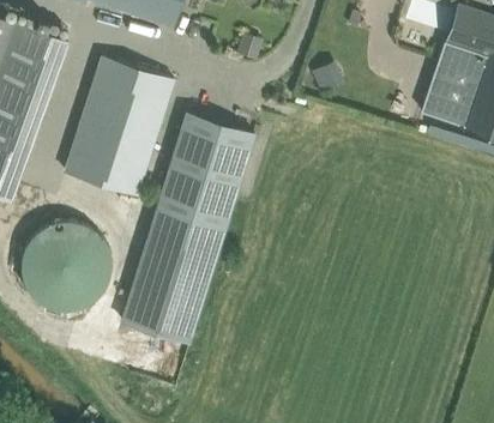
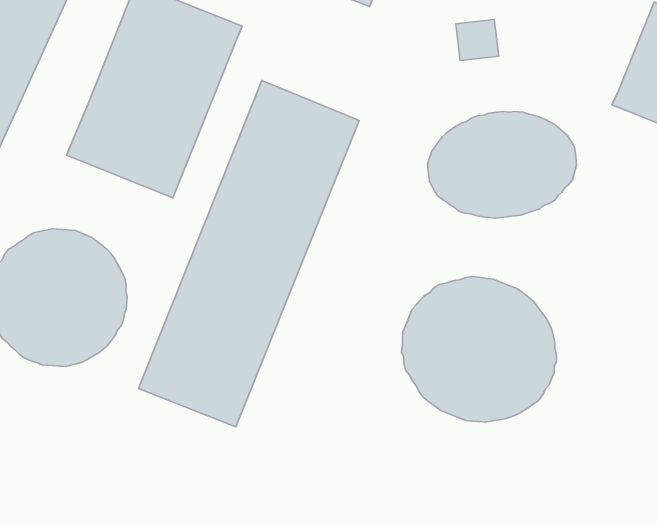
building: none -> [427,112,577,218]
building: none -> [402,277,557,422]

